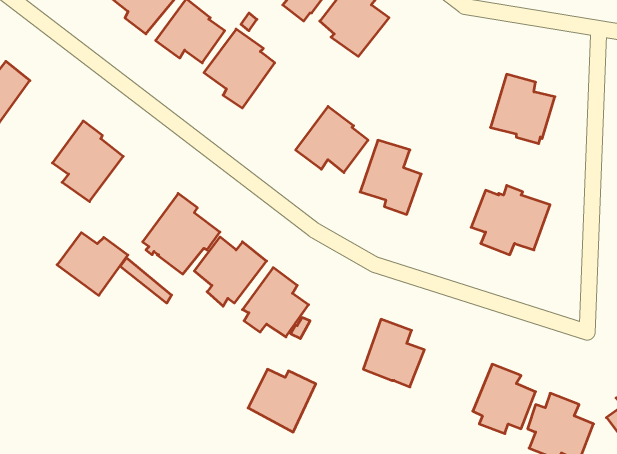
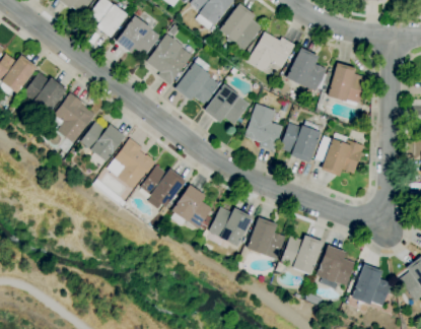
building: none -> [248,31,295,72]
building: none -> [286,48,327,92]
building: none -> [174,57,219,104]
building: none -> [22,72,67,117]
building: none -> [279,121,321,163]
building: [57,233,128,295] -> [80,122,125,161]
building: none -> [281,235,324,275]
building: [248,369,316,432] -> [209,207,252,247]

